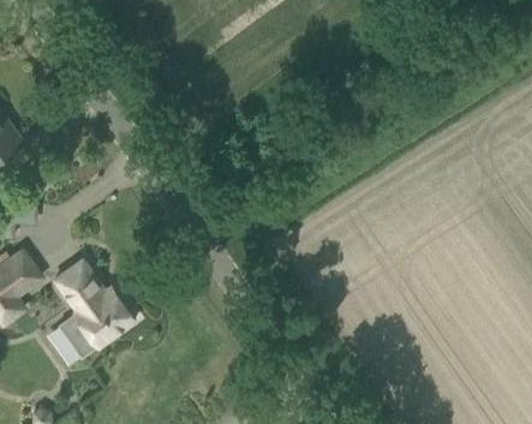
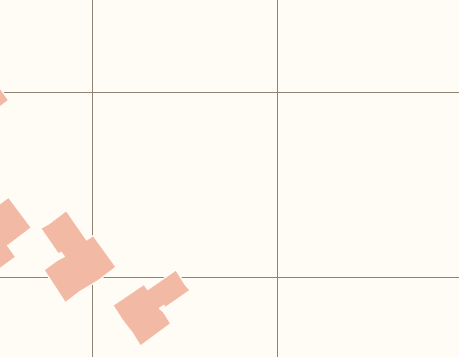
building: none -> [113,270,190,346]

